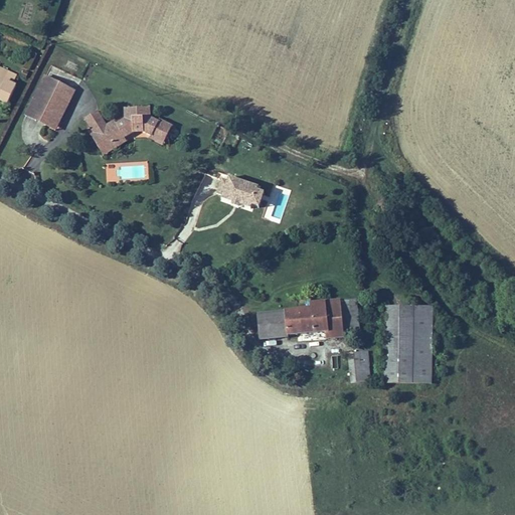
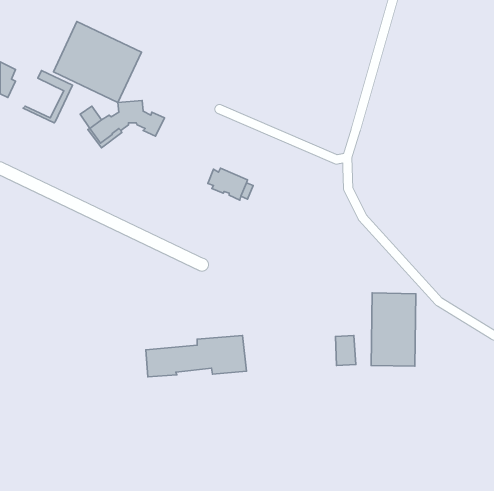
building: none -> [54,22,141,102]
building: [26,81,66,123] -> none
building: [256,297,361,340] -> [146,335,246,377]

